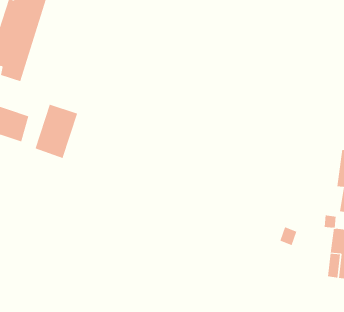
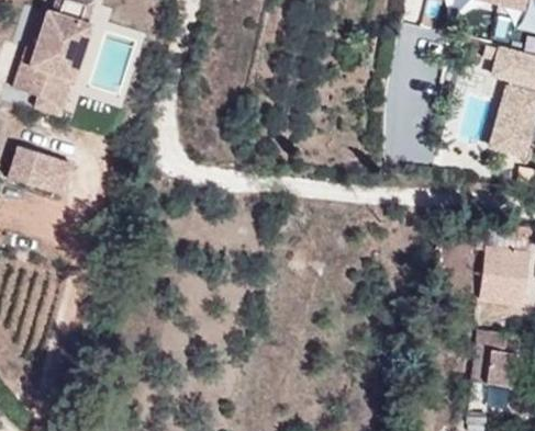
building: [35,104,78,159] -> none

